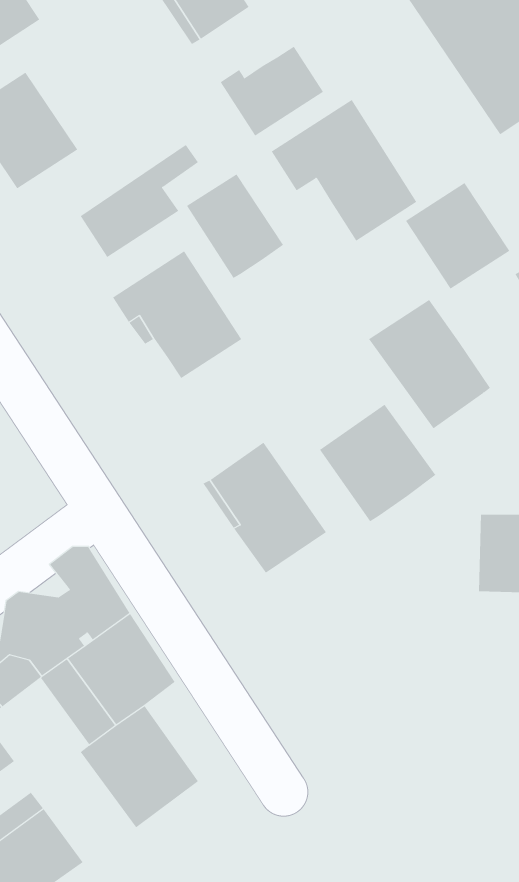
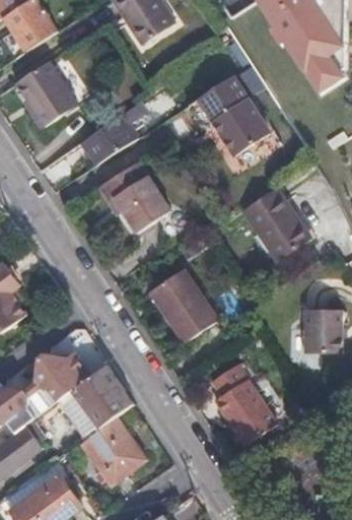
building: [220,46,324,137] -> none
building: [186,173,284,279] -> none
building: [405,182,510,289] -> none
building: [319,404,436,522] -> none
building: none -> [211,365,277,445]

